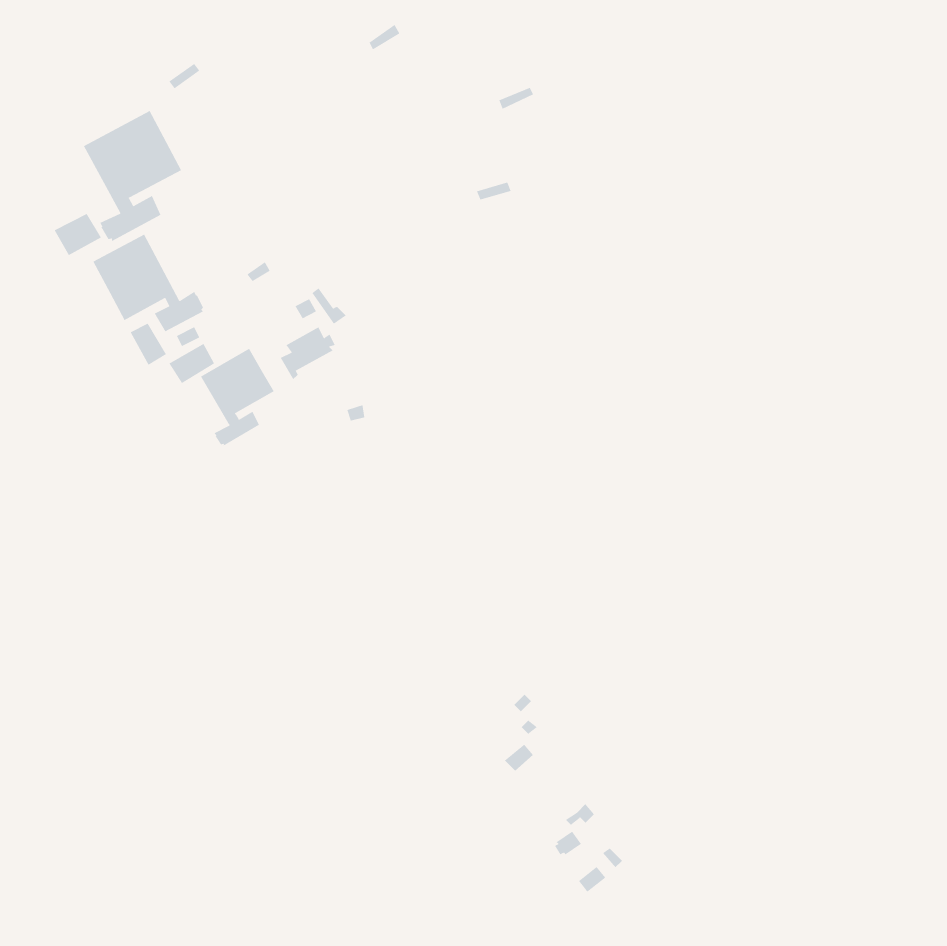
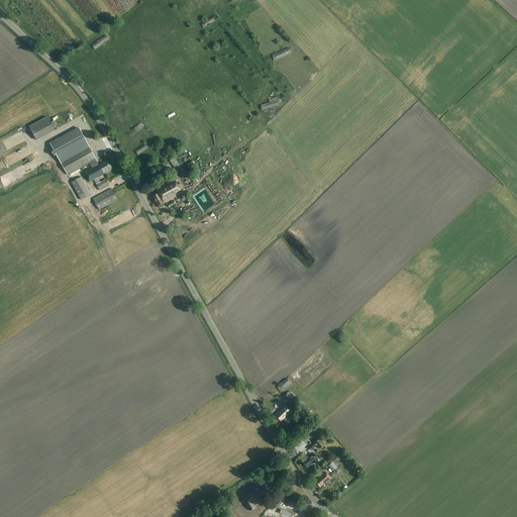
building: [83,110,182,242] -> none
building: [200,348,274,447] -> none

